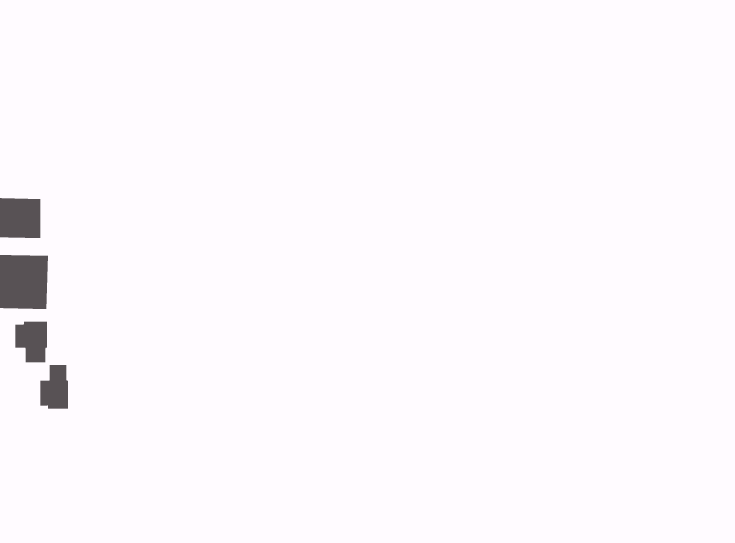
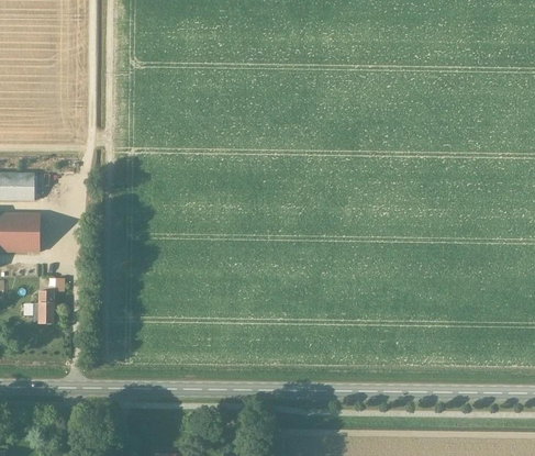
building: [15,321,48,363] -> none

